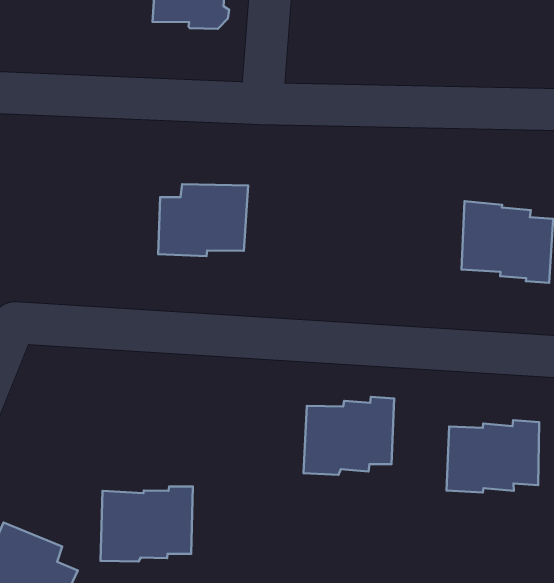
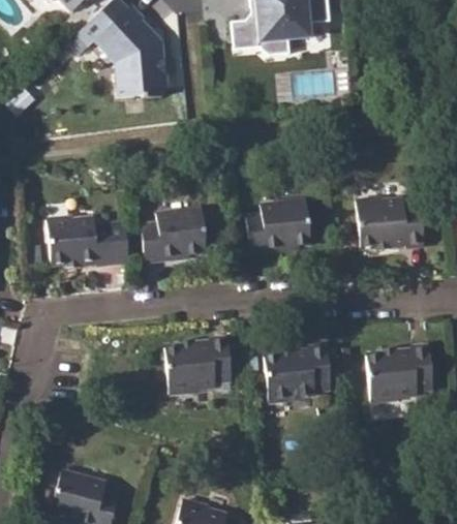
building: none -> [45,213,129,264]
building: none -> [246,196,310,251]
building: [101,486,193,562] -> [163,333,232,394]

